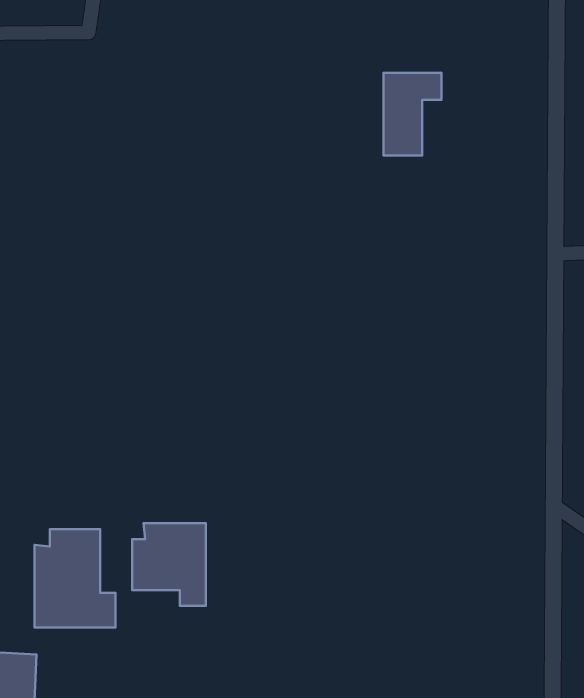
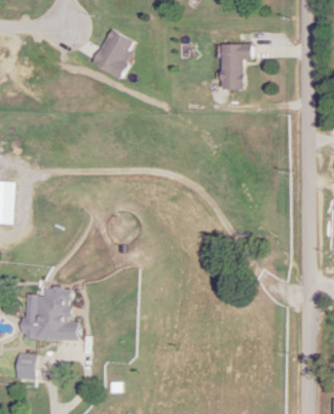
building: none -> [90,29,137,77]
building: [132,523,206,606] -> none

